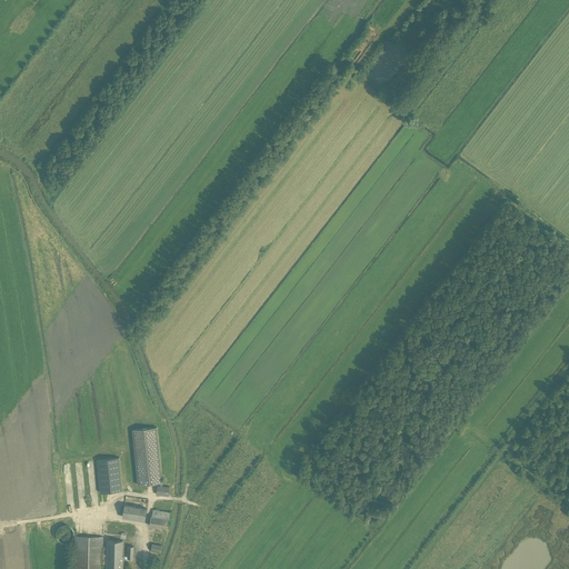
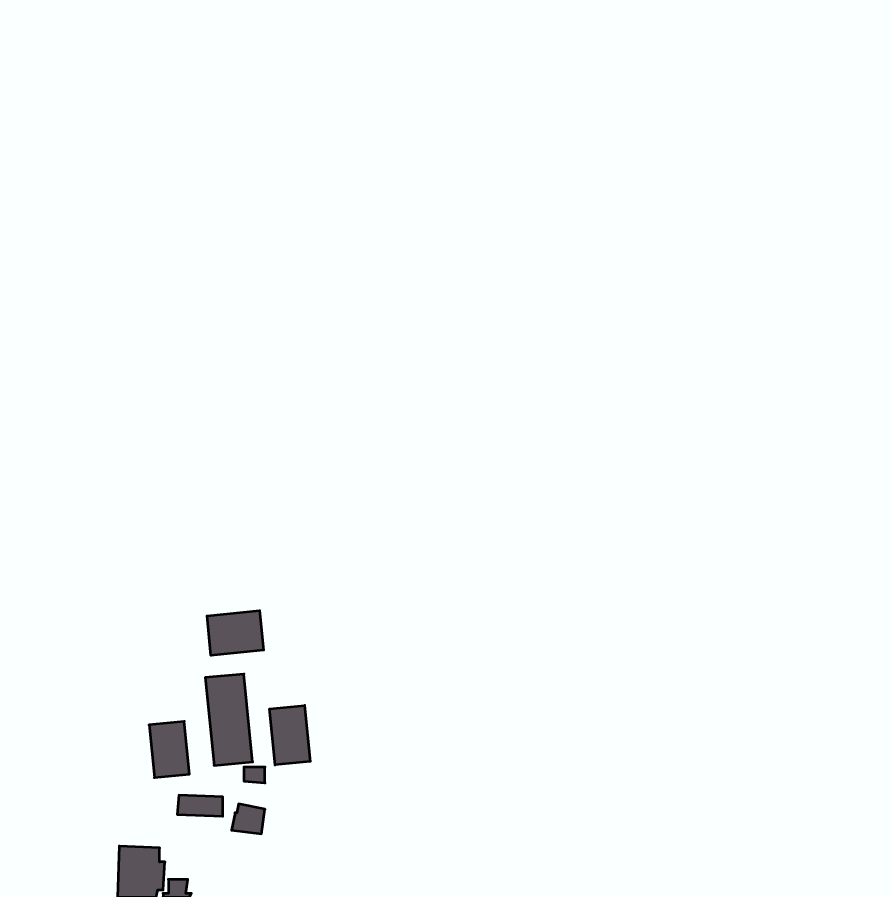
building: none -> [207,611,264,655]
building: none -> [270,705,310,765]

